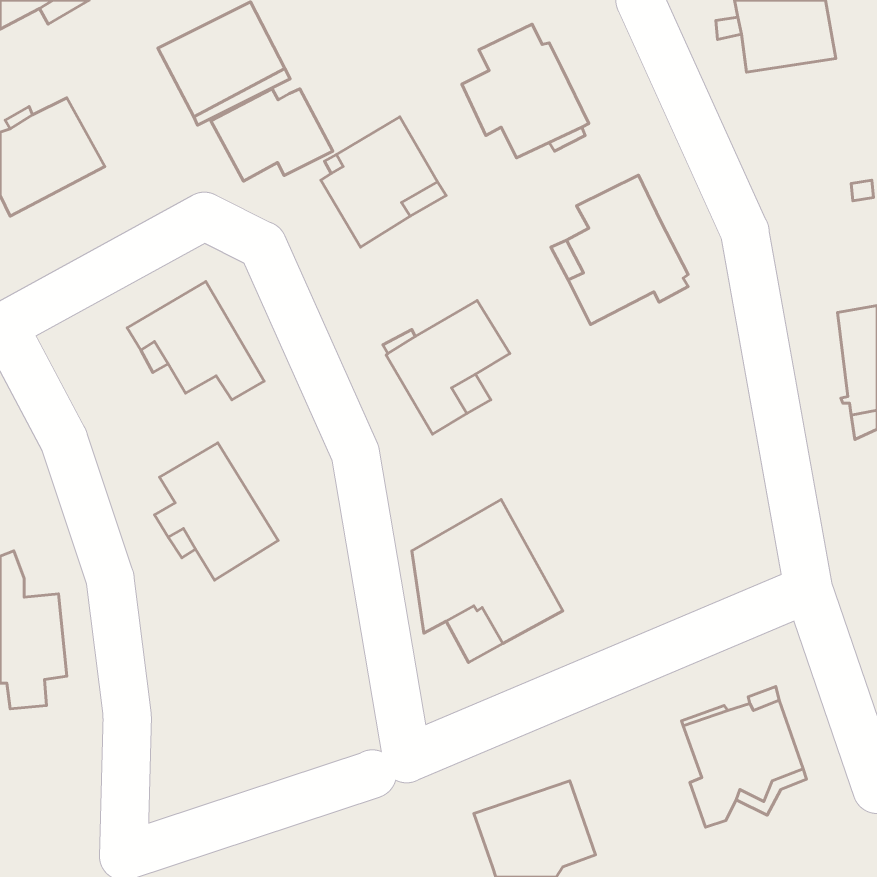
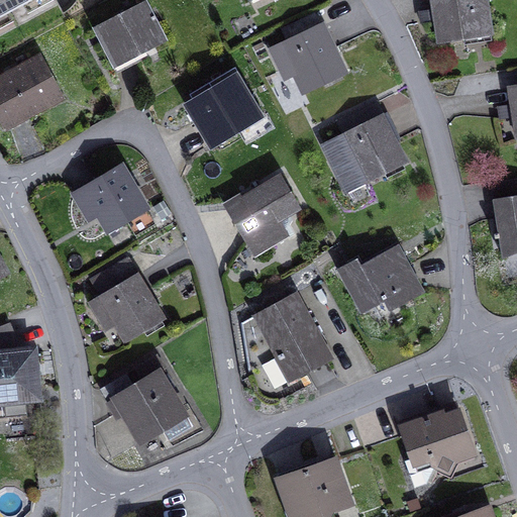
building: [211,89,333,181] -> none
building: none -> [337,245,425,313]
building: none -> [101,356,192,440]

